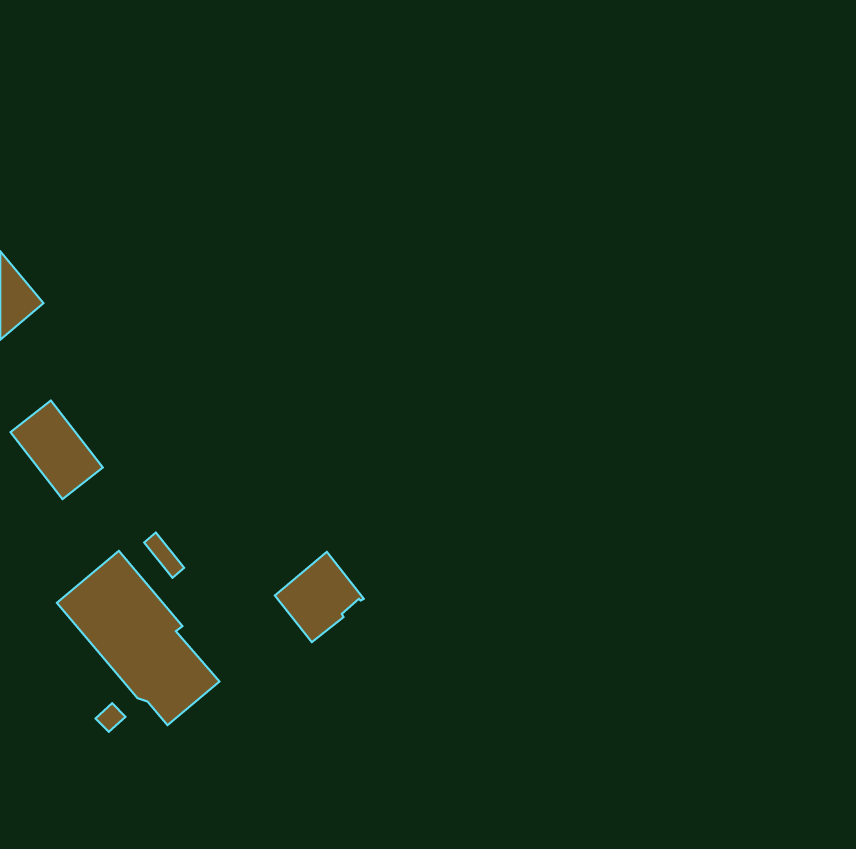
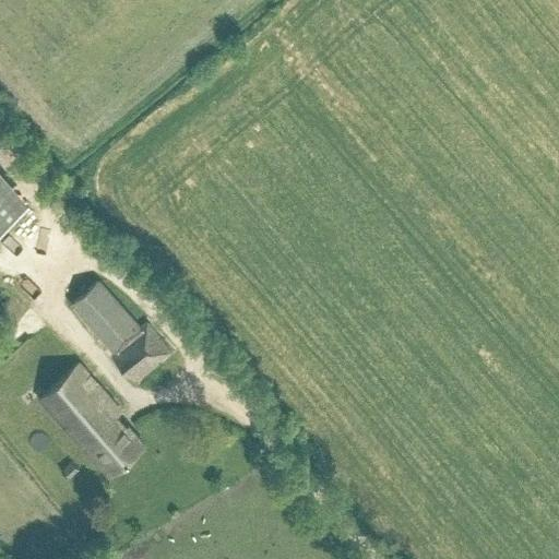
building: [11,400,103,499] -> [72,284,132,348]
building: [275,552,364,642] -> [111,323,169,382]

